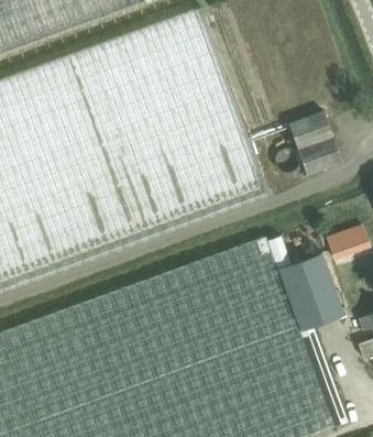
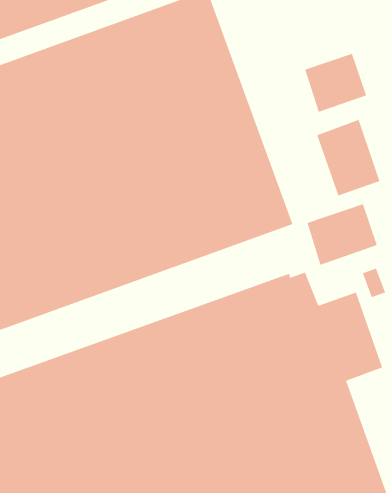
building: none -> [304,53,367,113]
building: none -> [306,203,378,266]

